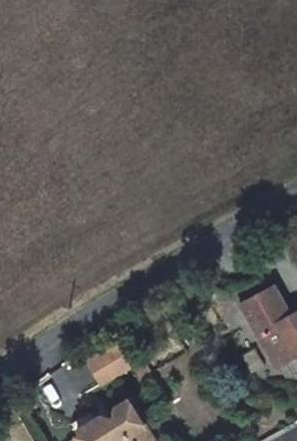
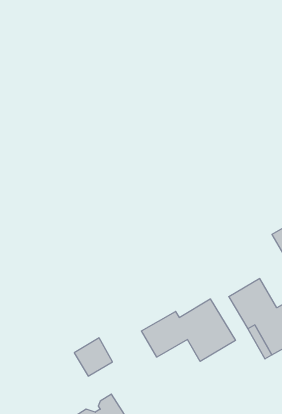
building: none -> [141,299,235,361]

